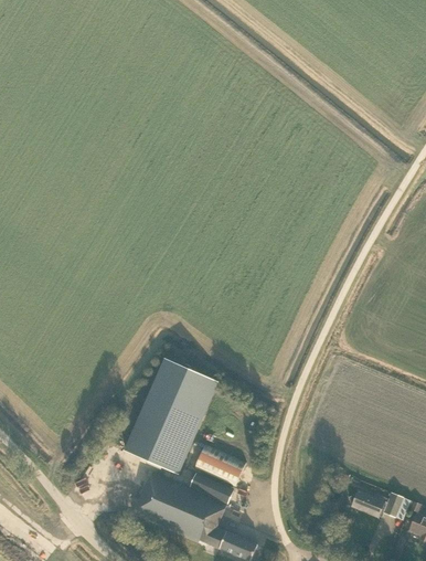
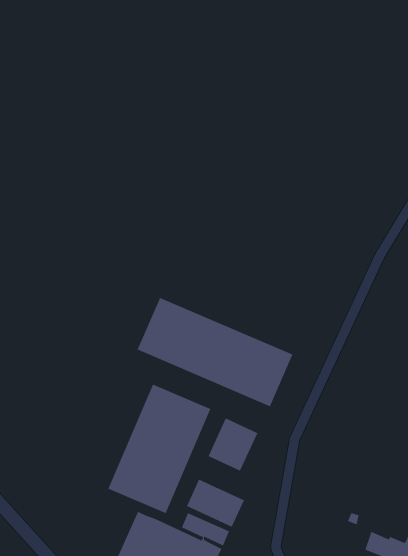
building: none -> [137,297,293,407]
building: none -> [208,418,258,471]

